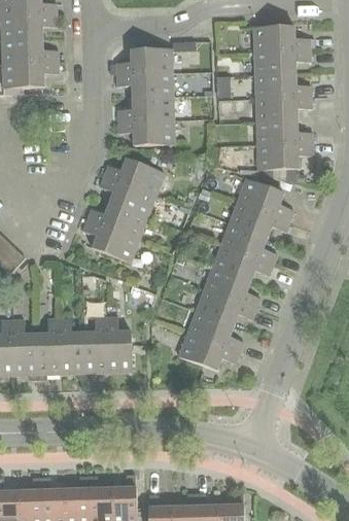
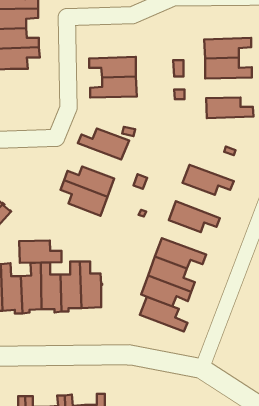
building: [252,27,309,53] -> none
building: [115,48,172,75] -> none
building: [254,98,311,123] -> none
building: [117,120,174,145] -> none
building: [256,144,312,170] -> none
building: [99,176,154,218] -> none
building: [236,179,292,221] -> none
building: [219,223,276,266] -> none
building: [203,268,259,309] -> [140,297,187,331]
building: none -> [19,240,62,263]

